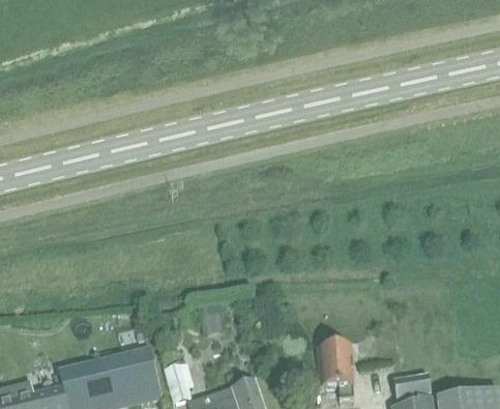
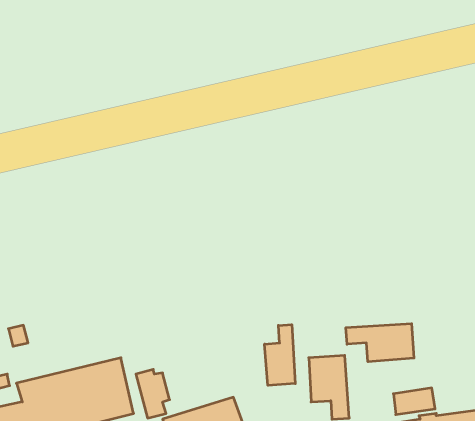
building: none -> [346,324,414,362]
building: none -> [265,325,295,385]

